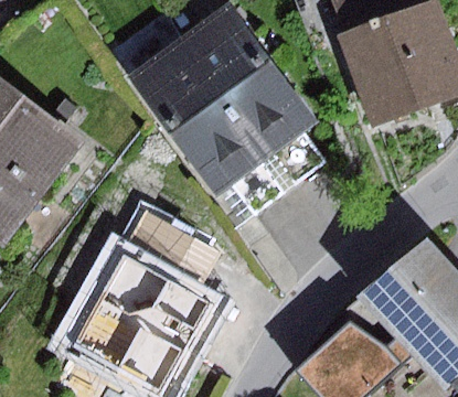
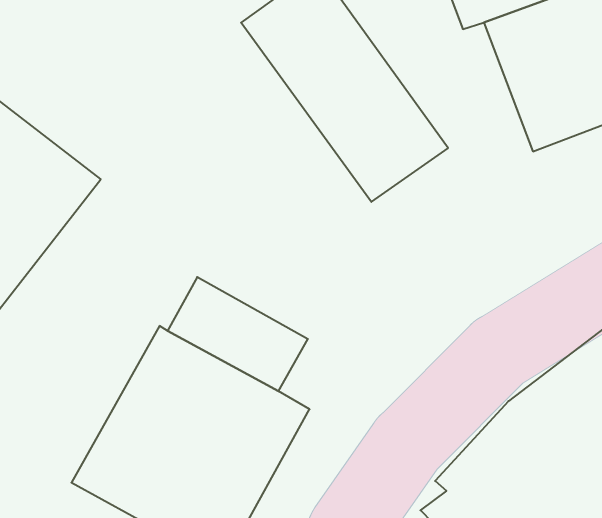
building: [126,36,265,194] -> none

